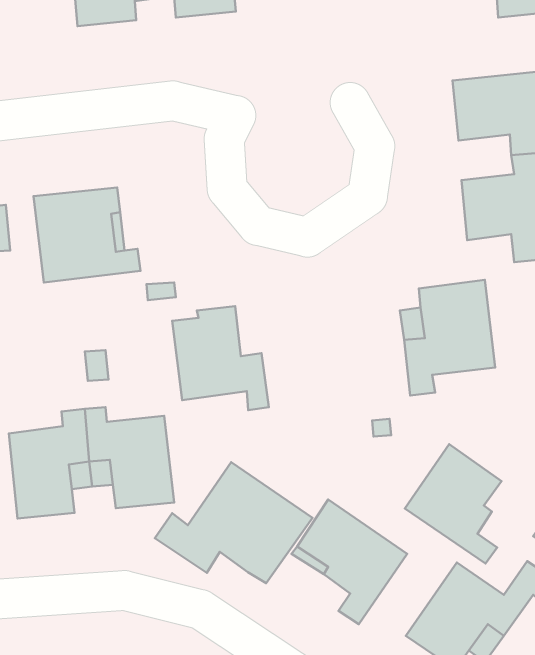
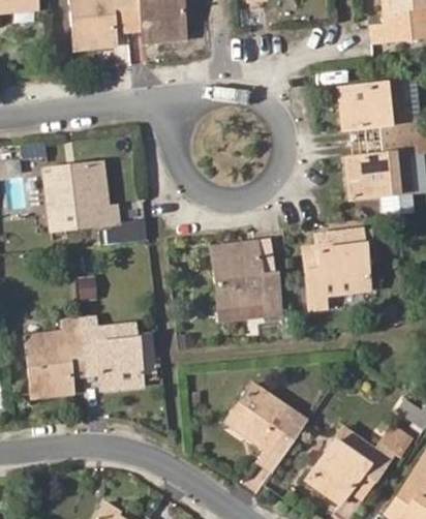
building: [172,306,269,410] -> [212,242,280,315]
building: [405,444,501,564] -> none
building: [155,462,312,583] -> none

